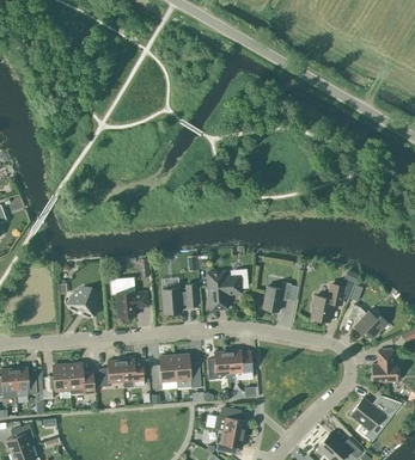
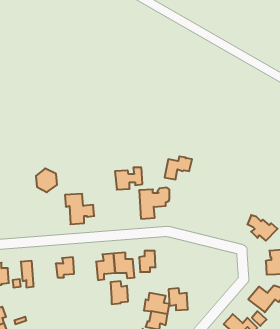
building: [263,282,299,312] -> [165,156,192,179]
building: [161,284,197,313] -> [115,168,142,190]
building: [311,284,344,321] -> none
building: [71,287,98,318] -> [36,168,57,192]
building: [227,350,252,379] -> [169,288,188,310]
building: [121,358,144,388] -> [111,281,128,304]
building: [67,363,93,394] -> none

